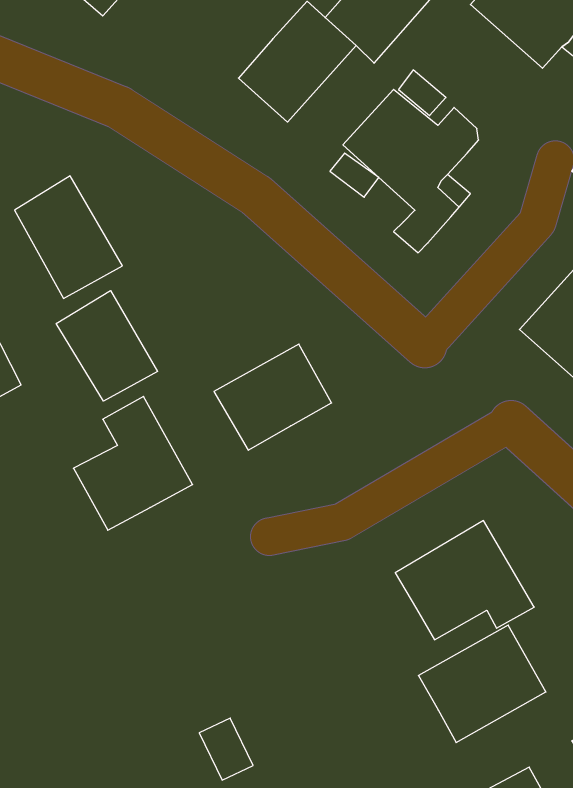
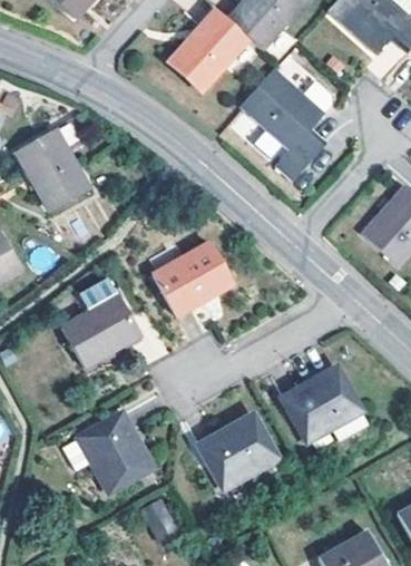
building: [56,291,158,401] -> none
building: none -> [60,409,156,497]
building: [418,625,546,743] -> [195,411,282,491]

